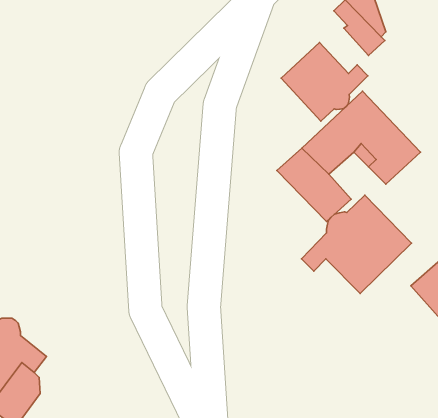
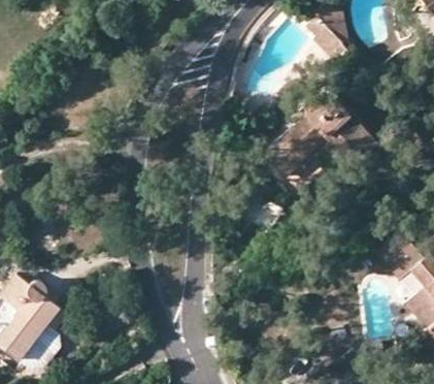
building: [281,43,368,121] -> none
building: [301,195,412,294] -> none

